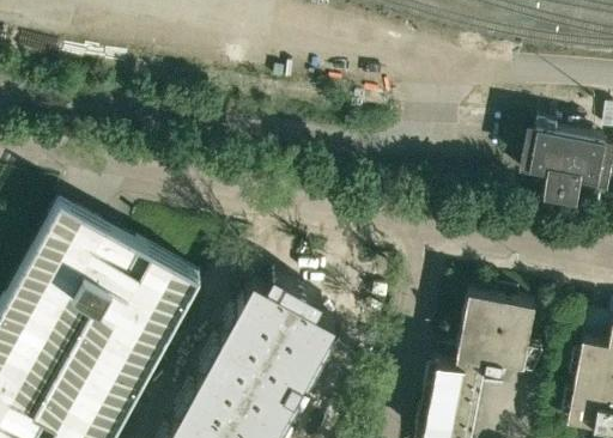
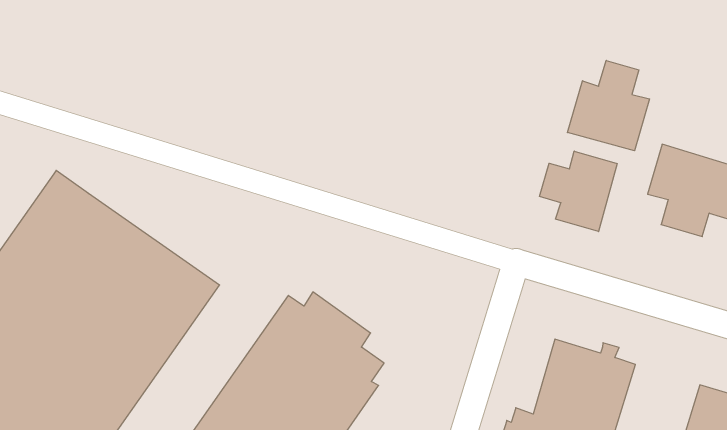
building: none -> [567,60,650,151]
building: none -> [540,151,617,232]

